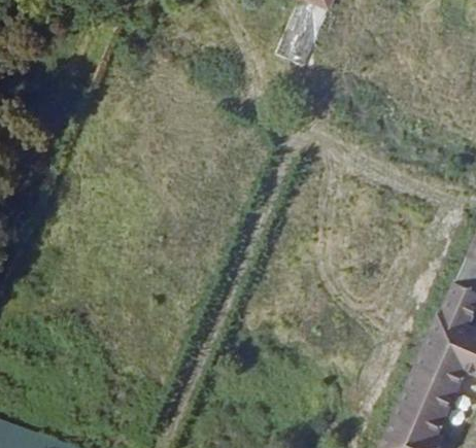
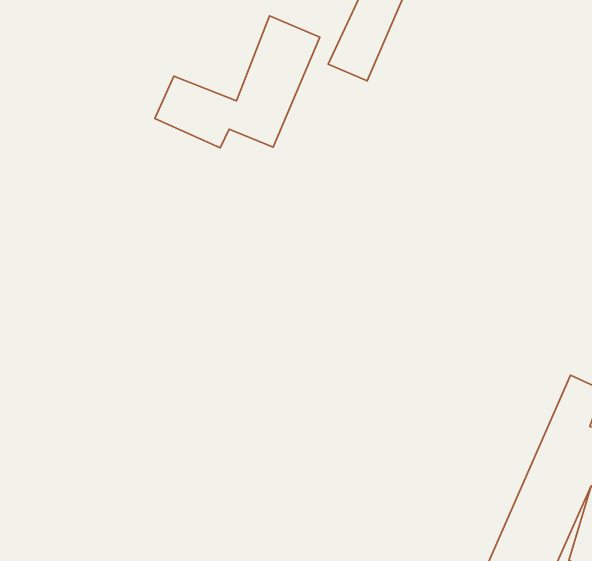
building: none -> [155,16,320,148]

